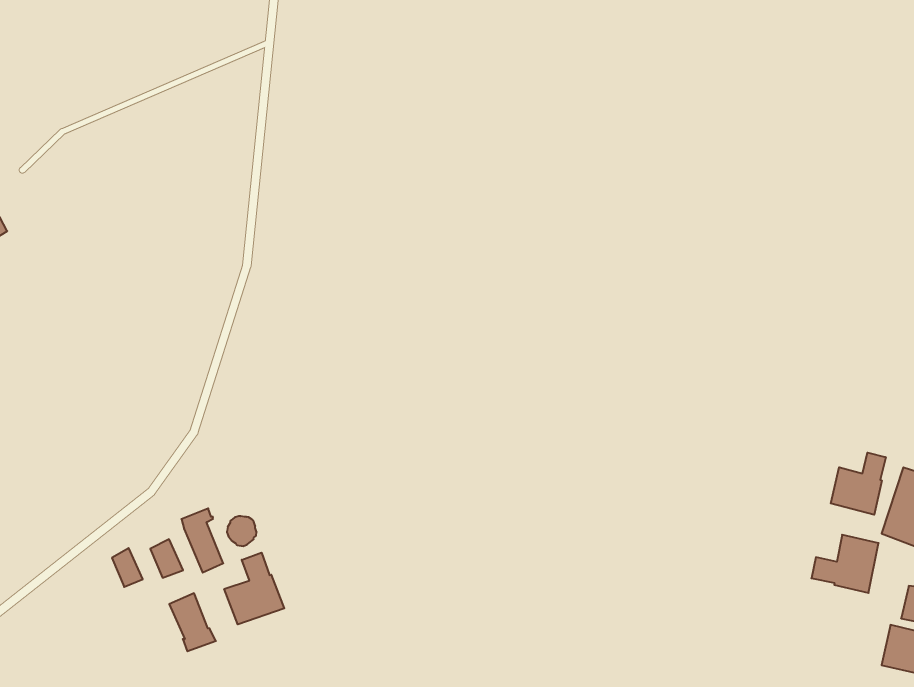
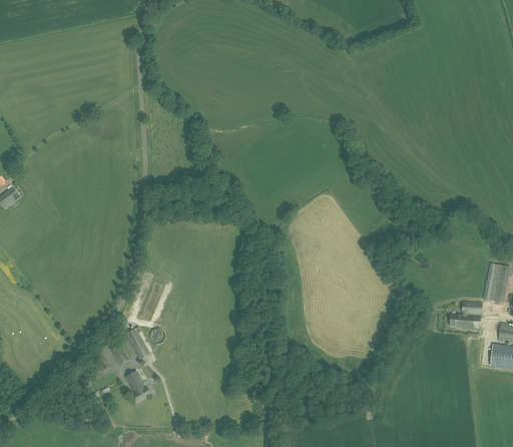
building: [831,453,886,515] -> none
building: [224,553,284,624] -> none

